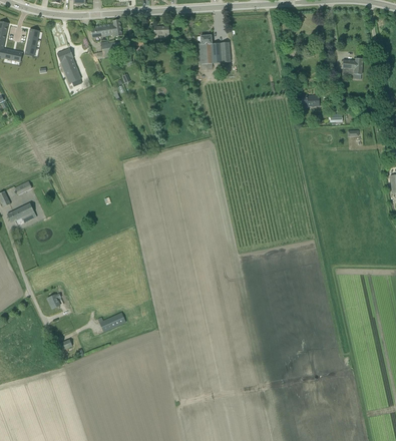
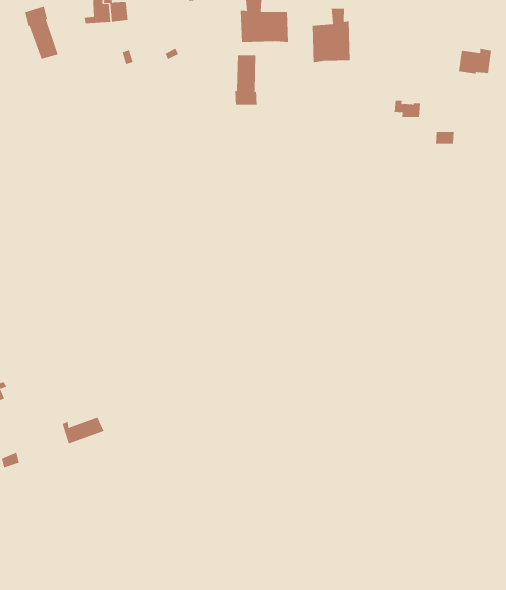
building: none -> [312,8,350,63]
building: none -> [235,55,257,105]

